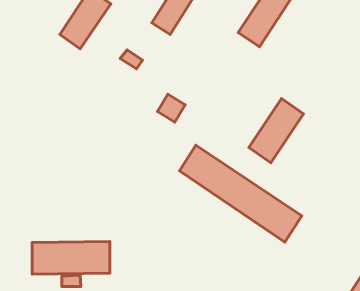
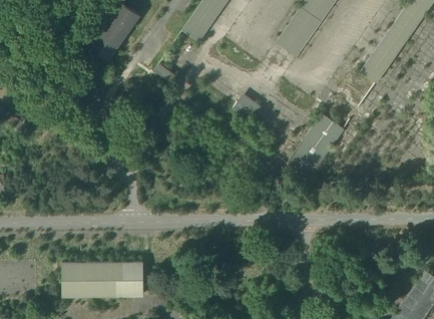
building: [157,94,185,122] -> [231,92,260,121]
building: [180,145,302,242] -> none

